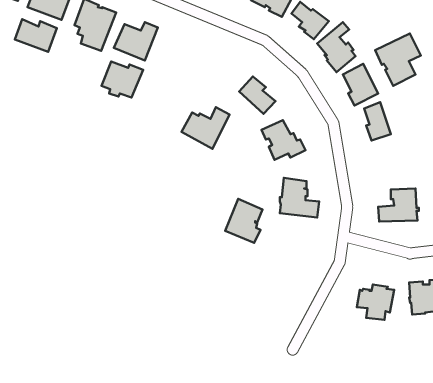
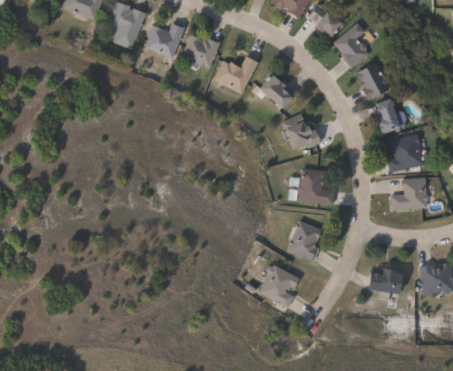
building: [15,19,57,52] -> none
building: [375,34,421,86] -> none
building: [102,61,143,98] -> [181,34,220,68]
building: [182,107,230,149] -> [213,55,258,94]
building: none -> [386,133,424,173]
building: [225,199,263,243] -> [286,220,321,261]
building: none -> [259,264,299,308]

